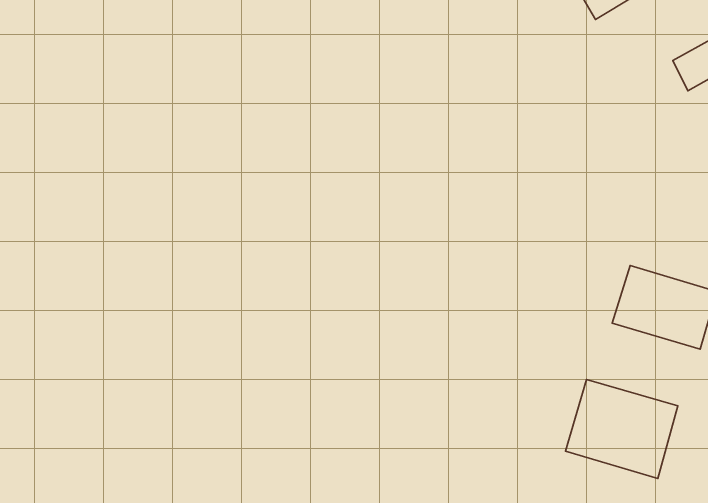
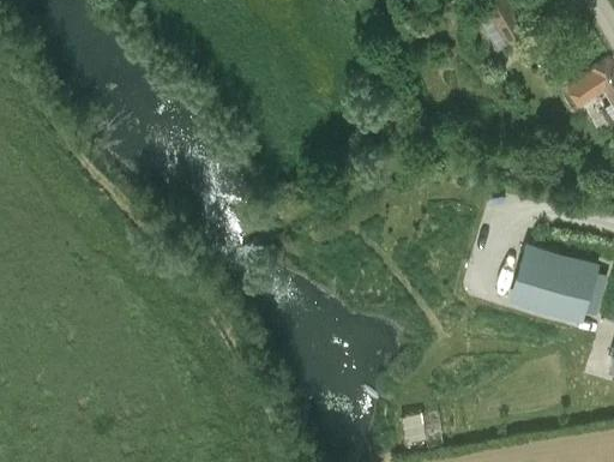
building: [565,380,678,478] -> none

